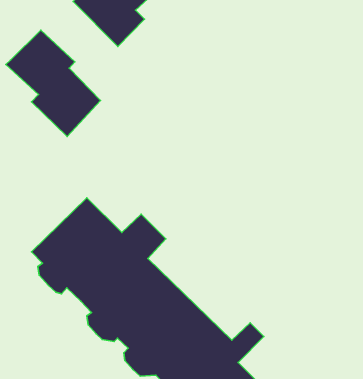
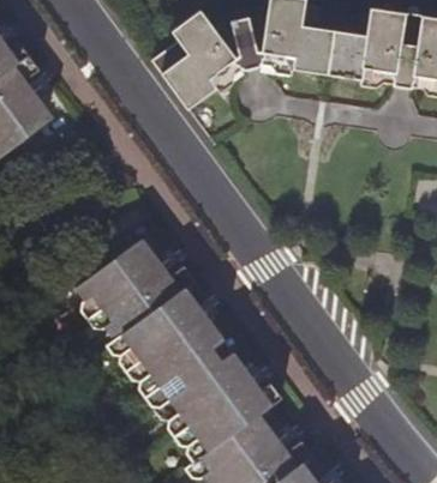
building: [6,30,101,137] -> none

